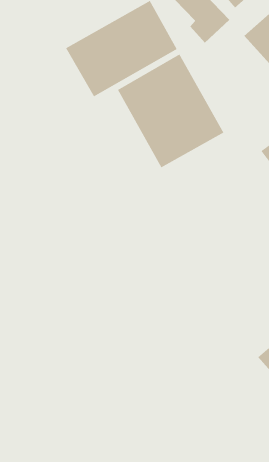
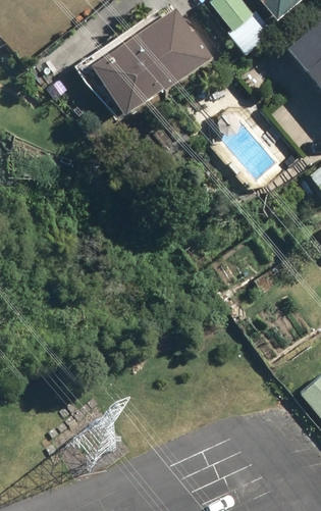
building: [117,54,224,168] -> none

